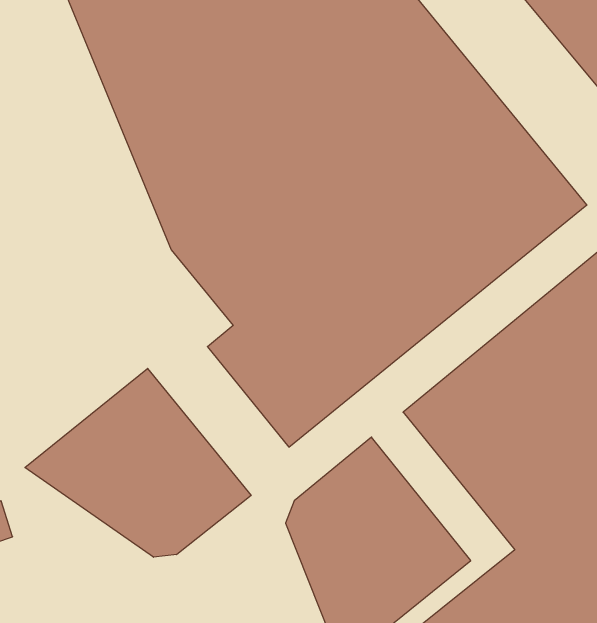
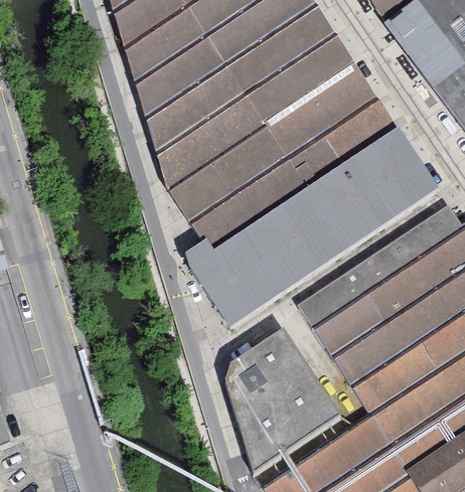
building: [25,368,251,557] -> none

